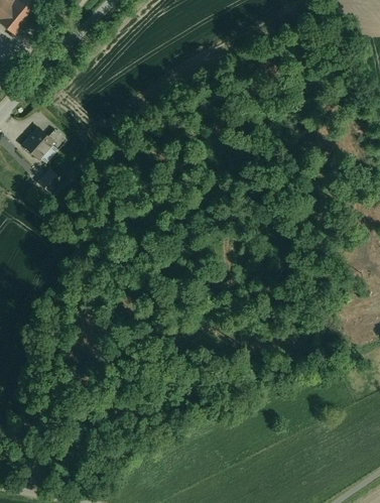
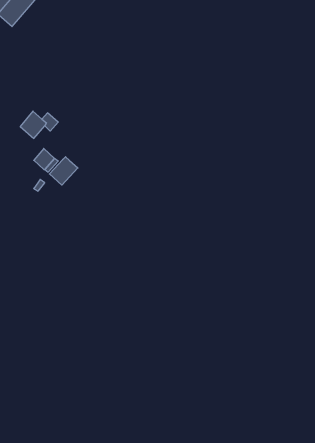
building: none -> [49,157,78,185]

